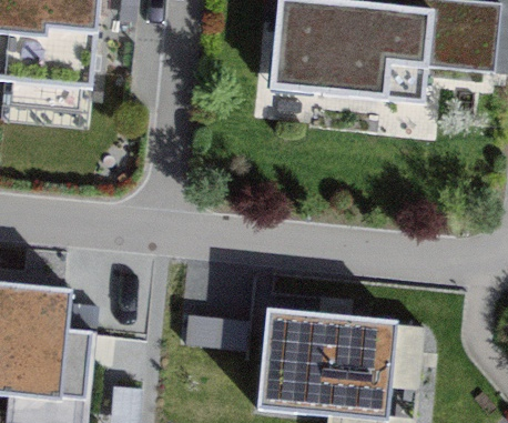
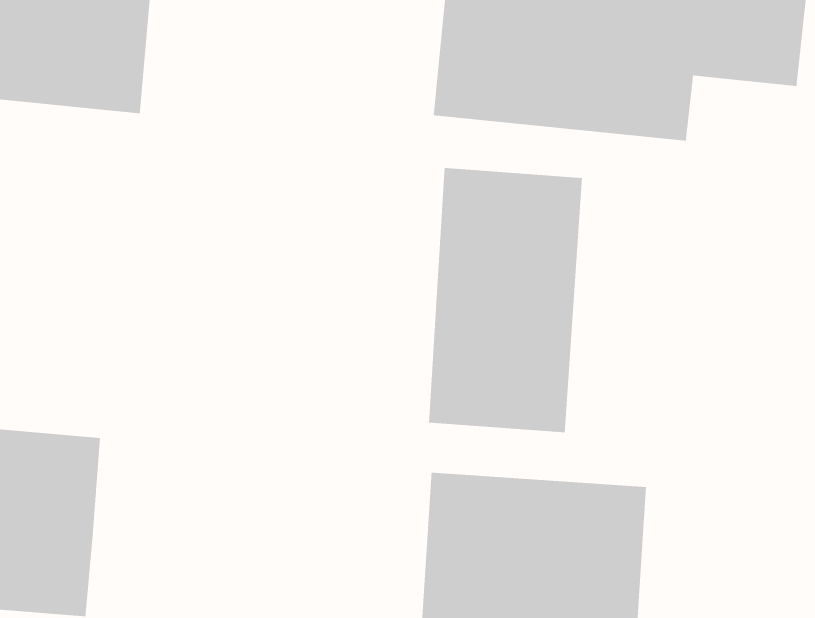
building: none -> [428,167,583,433]

